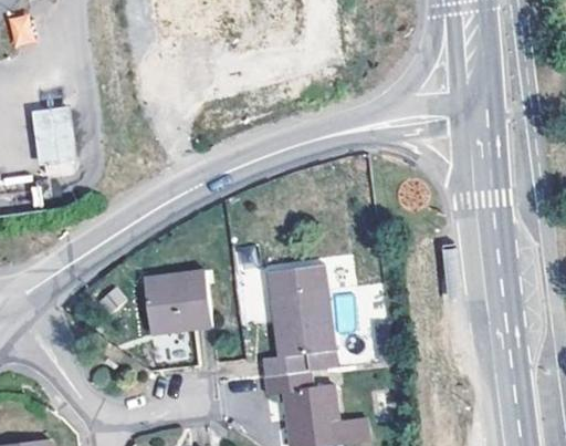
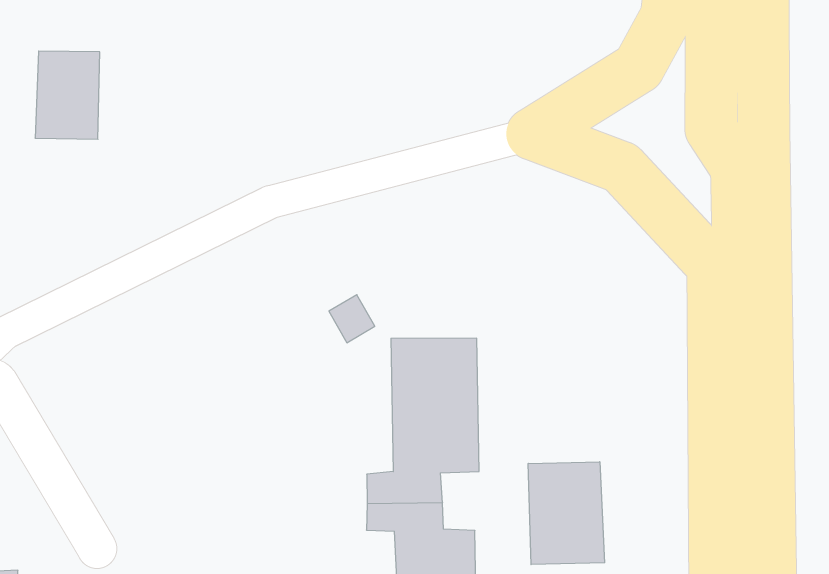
building: [144,268,213,331] -> none
building: none -> [528,462,605,565]

